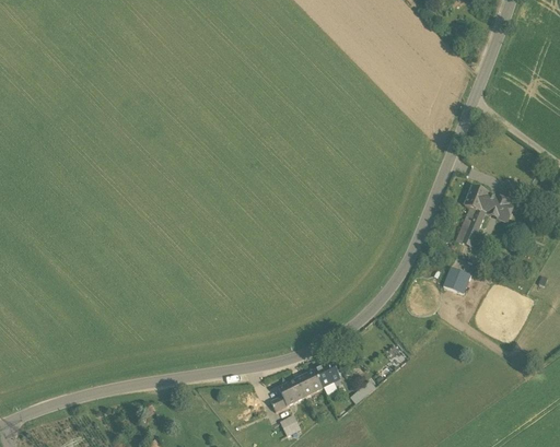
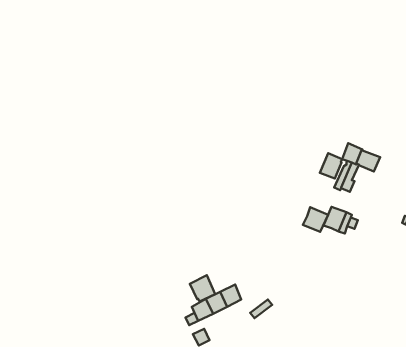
building: none -> [320,153,342,179]
building: none -> [303,207,328,232]
building: none -> [190,275,215,302]

